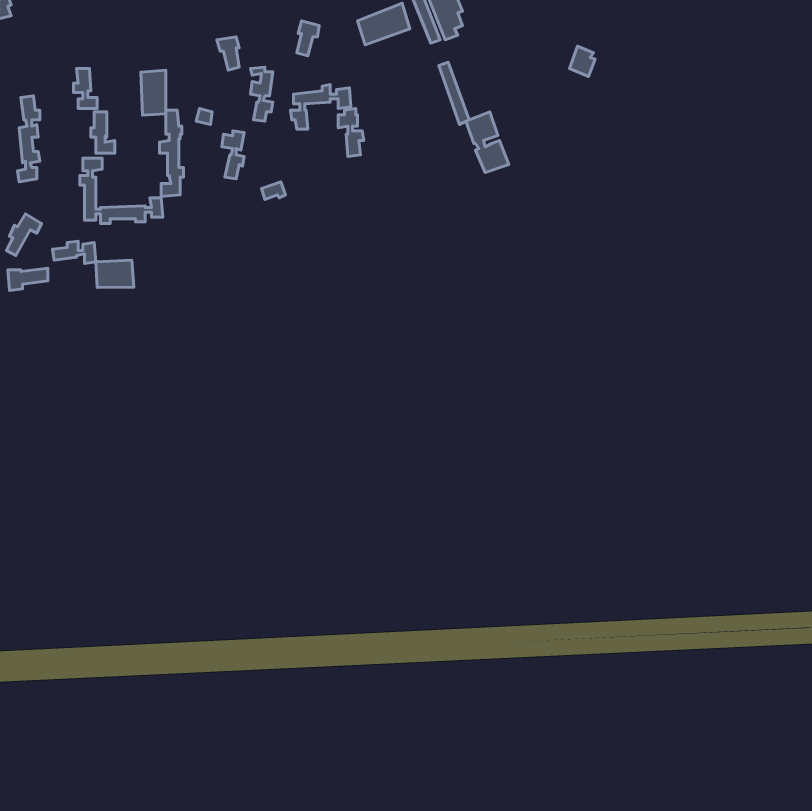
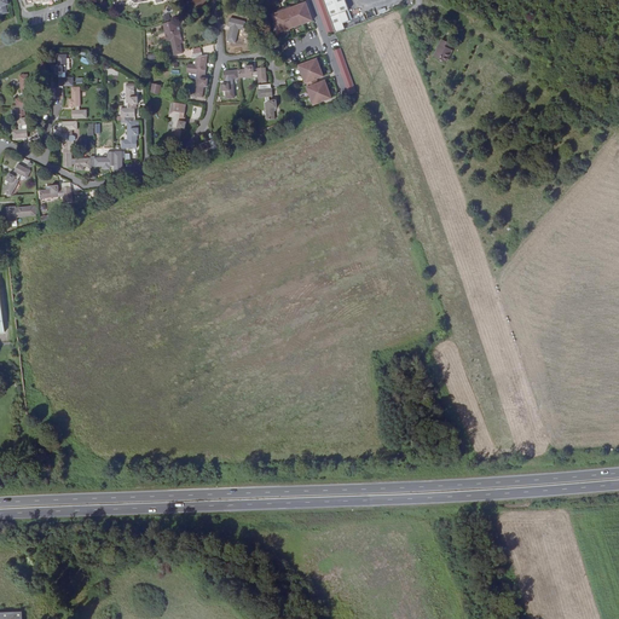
building: [141,70,166,115] -> none
building: [466,112,509,172] -> [297,59,330,105]
building: [96,260,134,287] -> none

